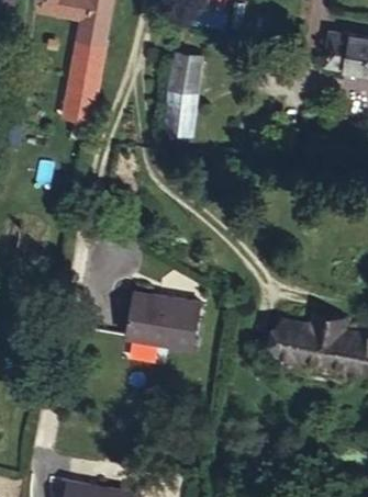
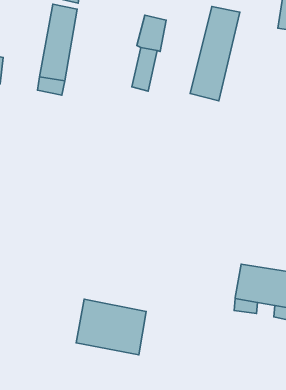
building: none -> [190,6,240,101]
building: [121,289,197,349] -> [76,299,146,355]

